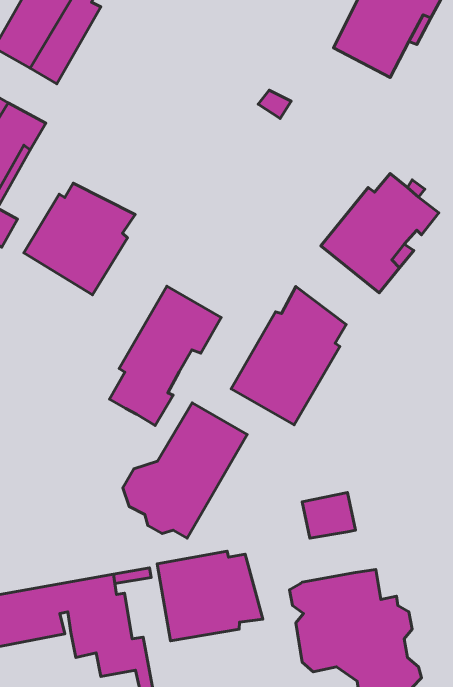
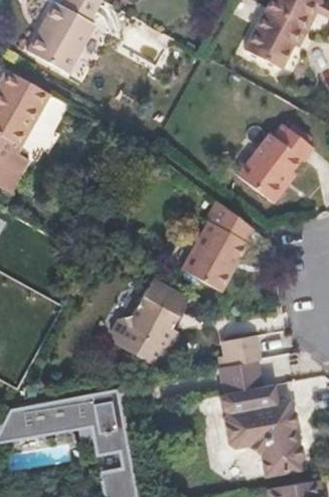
building: [24,183,135,295] -> none
building: [110,286,221,426] -> none
building: none -> [220,358,260,390]
building: [157,551,263,641] -> none

